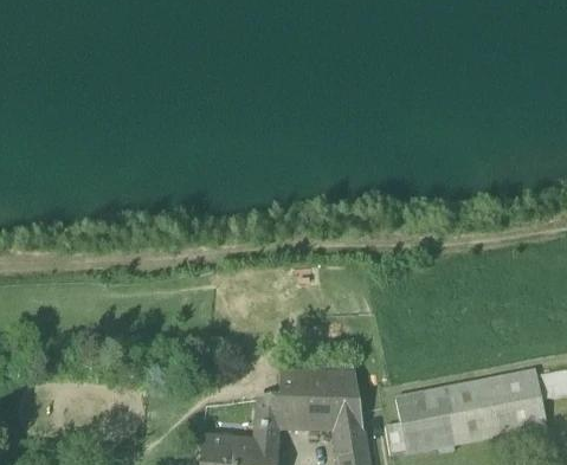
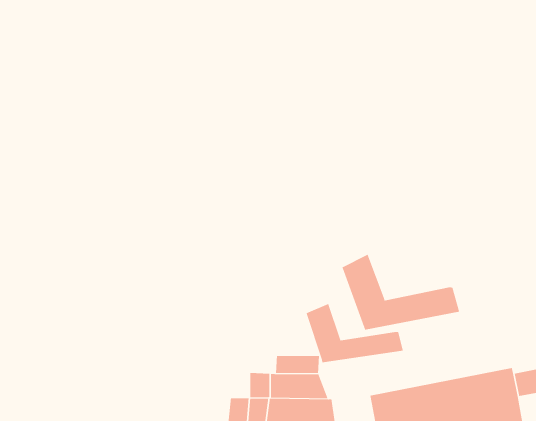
building: none -> [342,254,460,331]
building: none -> [306,303,403,363]

